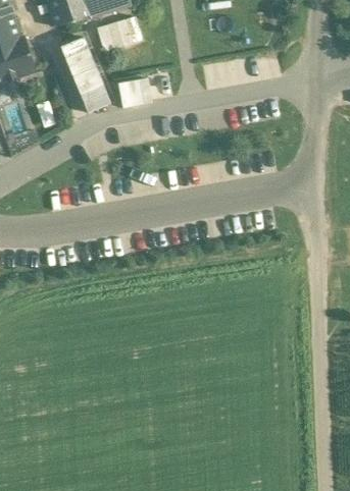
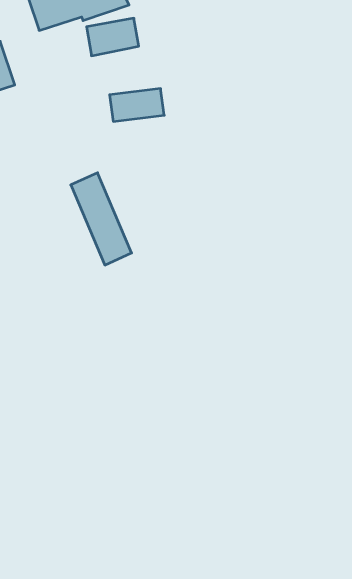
building: [58,34,109,111] -> [71,173,132,265]

